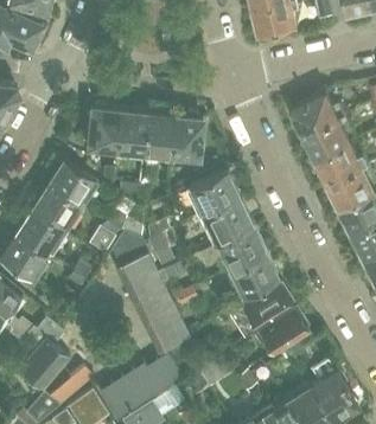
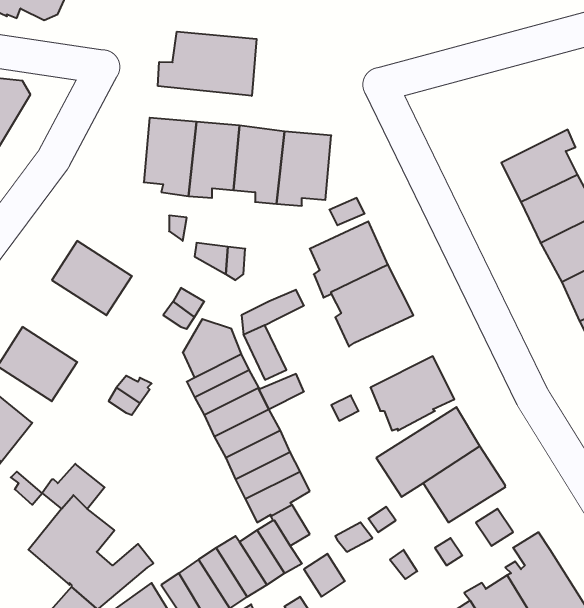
building: none -> [158,32,257,96]
building: [292,95,345,137] -> none
building: [47,161,96,206] -> none
building: [14,208,65,258] -> none
building: [199,230,263,274] -> none

